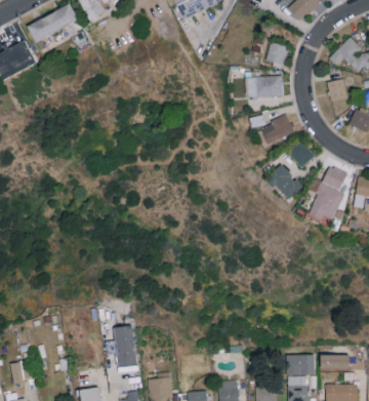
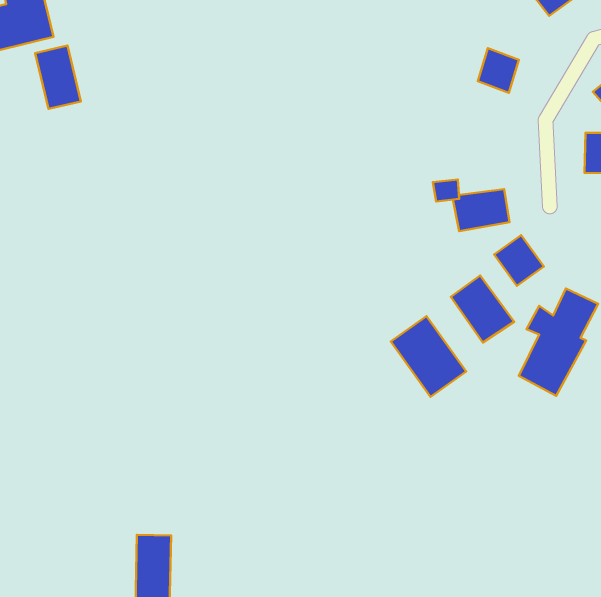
building: none -> [35,45,81,109]
building: [246,76,283,97] -> none
building: none -> [391,316,466,397]

